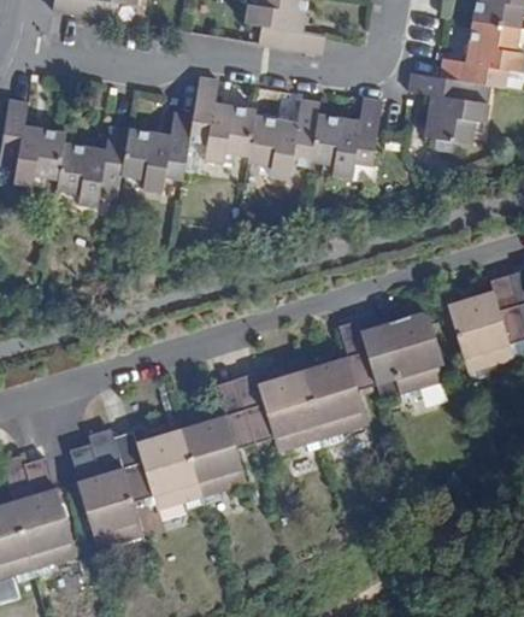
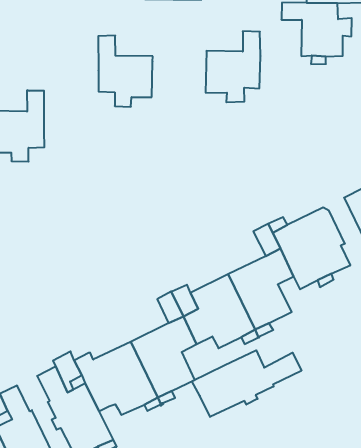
building: [247,98,319,178] -> none
building: [120,111,193,190] -> none
building: none -> [192,350,301,417]

